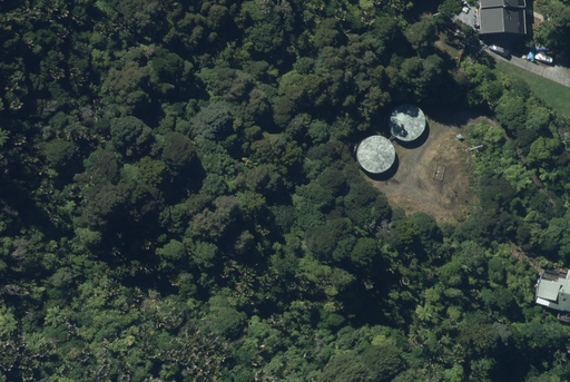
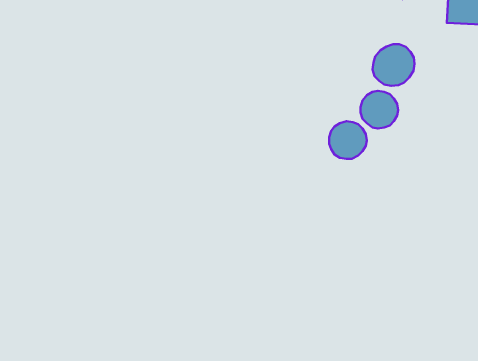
building: none -> [373,44,414,86]

